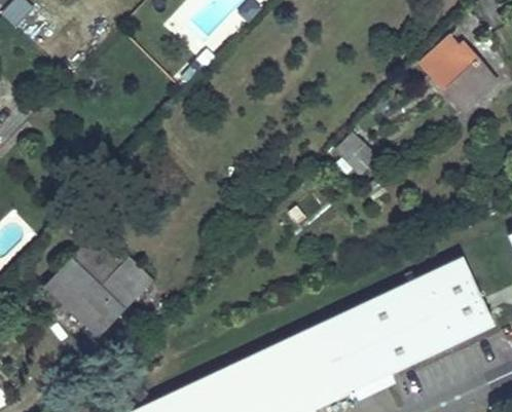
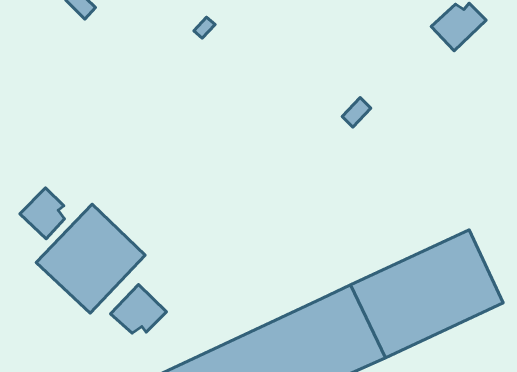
building: none -> [20,188,64,239]
building: none -> [111,285,167,333]

